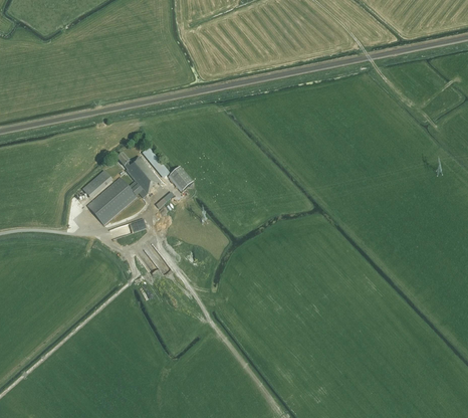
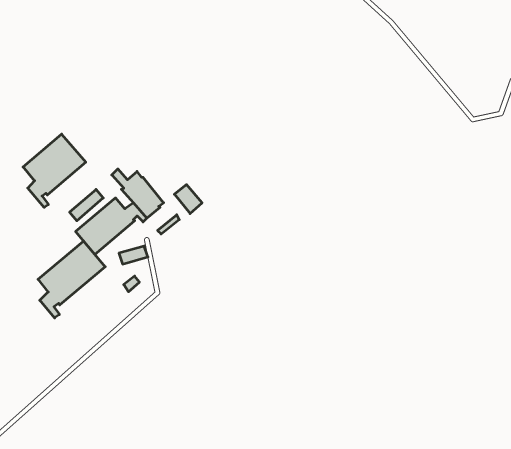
building: none -> [23,134,86,207]
building: none -> [38,241,105,318]

